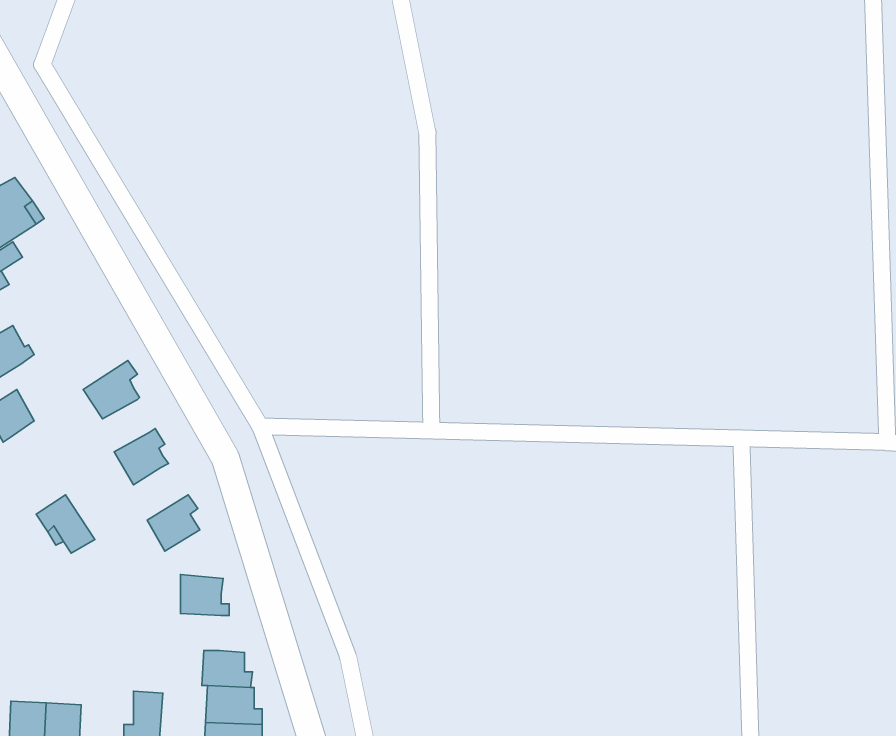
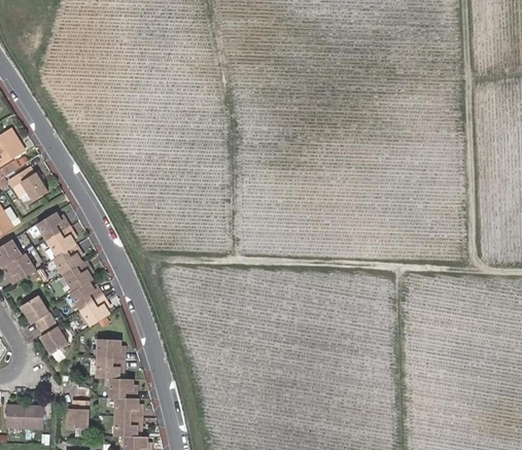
building: none -> [7,167,46,201]
building: none -> [36,212,69,240]
building: none -> [53,245,80,273]
building: none -> [6,254,33,283]
building: none -> [69,281,101,309]
building: none -> [39,319,66,354]
building: none -> [96,358,123,378]

